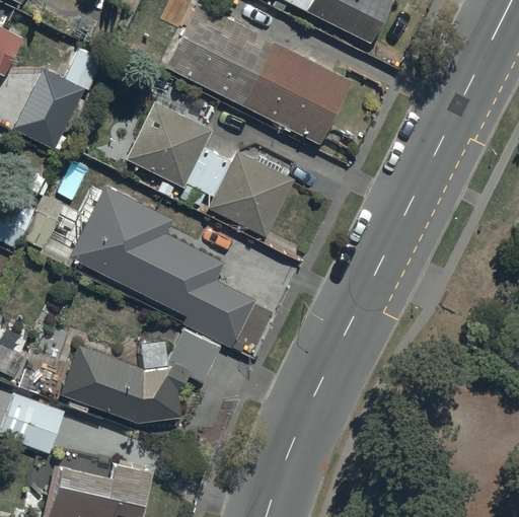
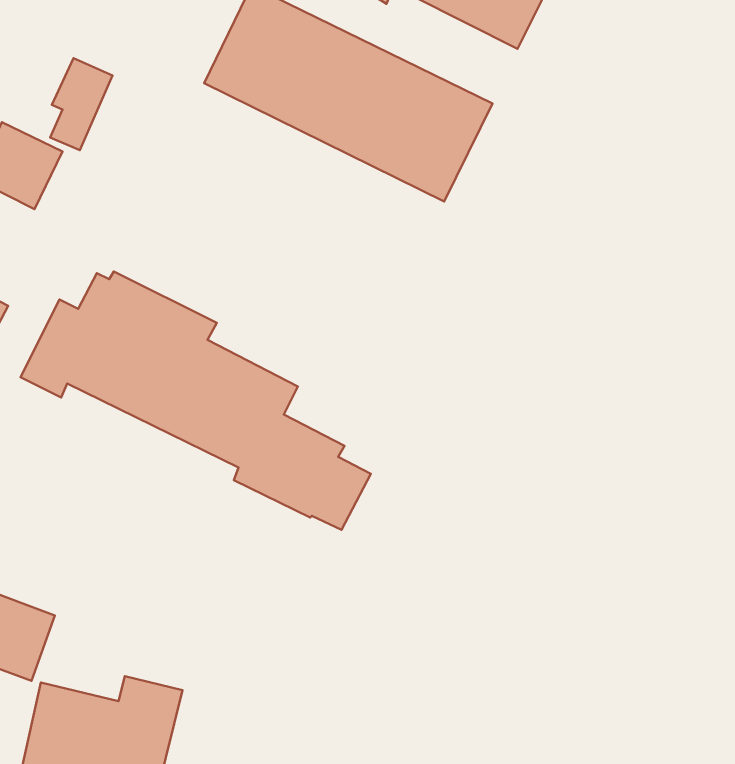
building: [127,102,295,237] -> none
building: [61,329,221,422] -> none

